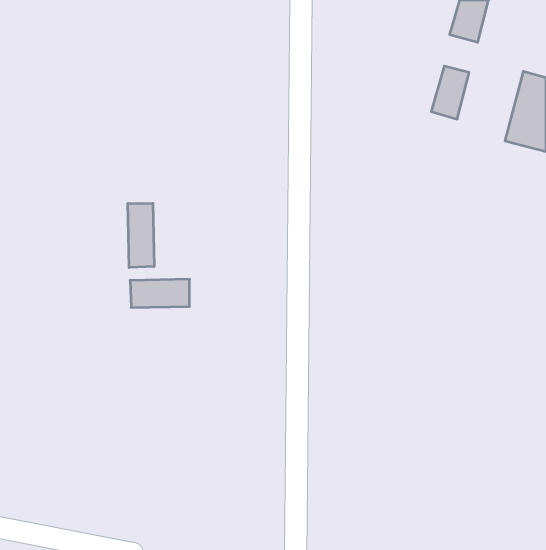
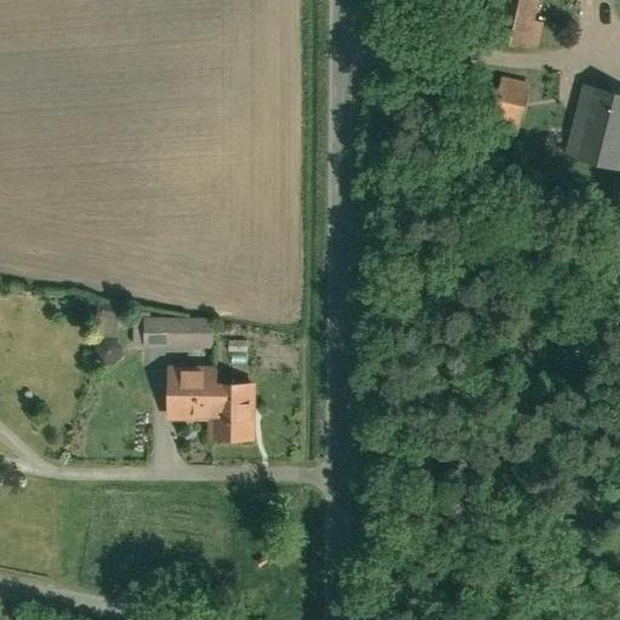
building: [128,203,154,268] -> none
building: none -> [171,367,256,440]

